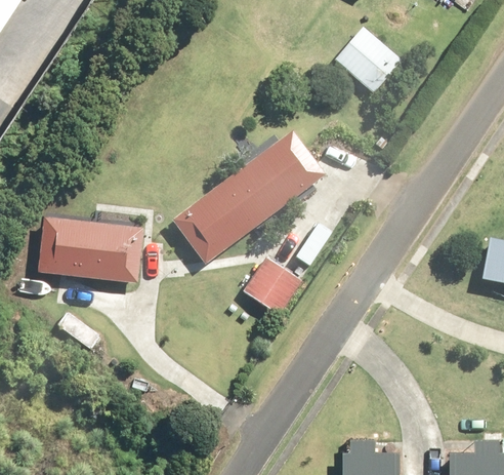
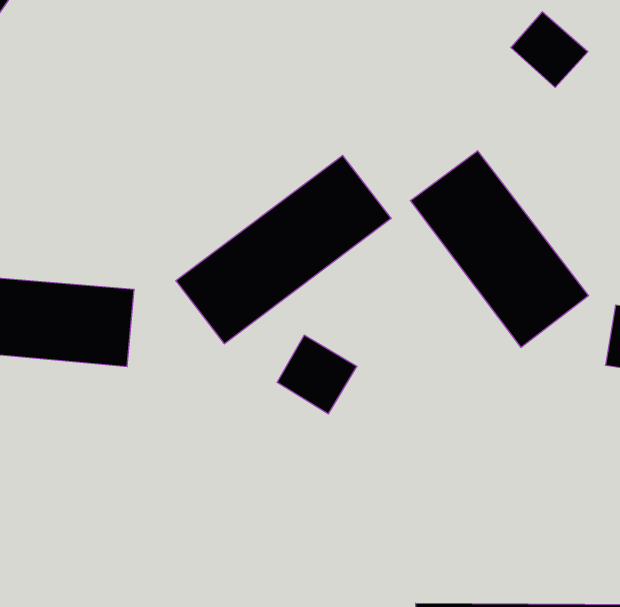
building: [341,33,396,87] -> [511,12,588,87]
building: none -> [410,151,589,347]

